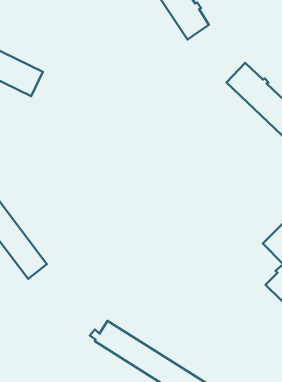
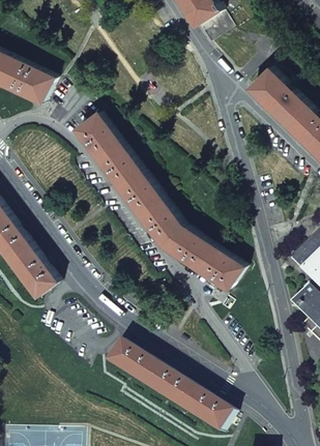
building: none -> [76,112,243,288]

